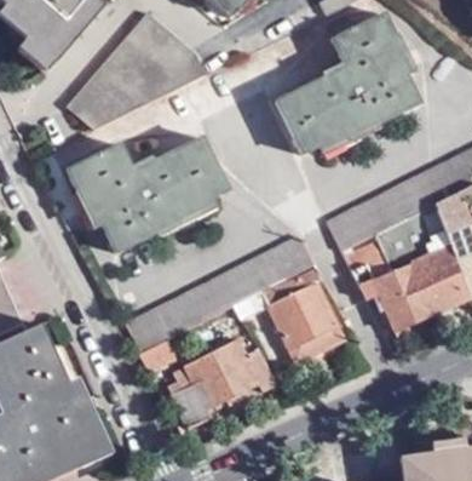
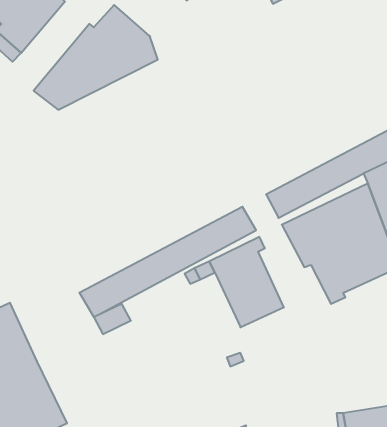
building: [275,16,414,151] -> none
building: [64,138,221,250] -> none
building: [167,338,276,428] -> none

